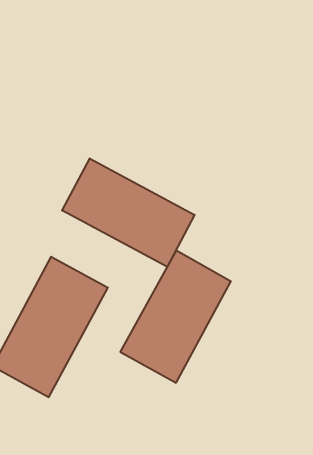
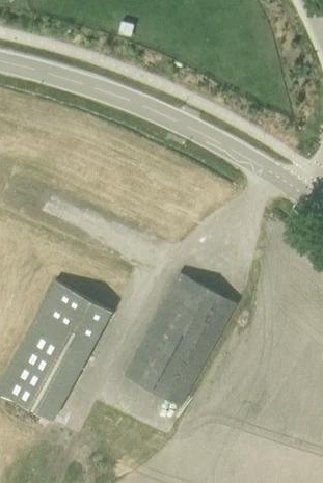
building: [62,158,195,267] -> none

